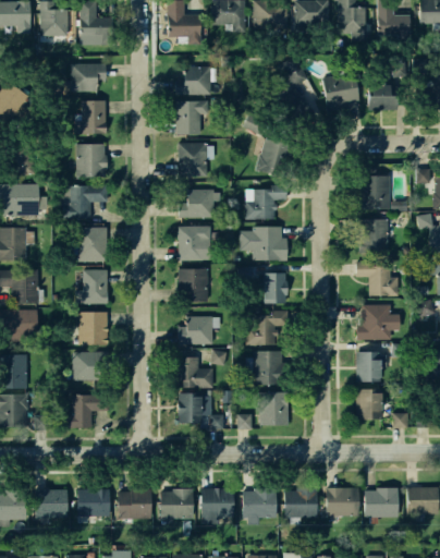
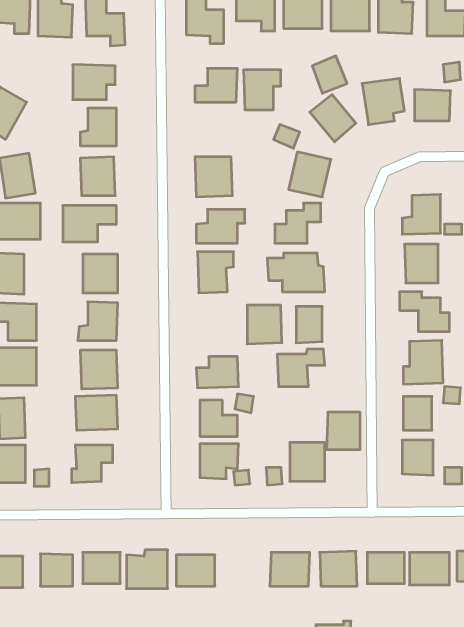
building: [175,100,208,135] -> [243,70,281,110]
building: [178,268,208,302] -> [247,305,282,344]
building: [253,352,282,385] -> [326,412,360,450]
building: [199,487,235,518] -> none

